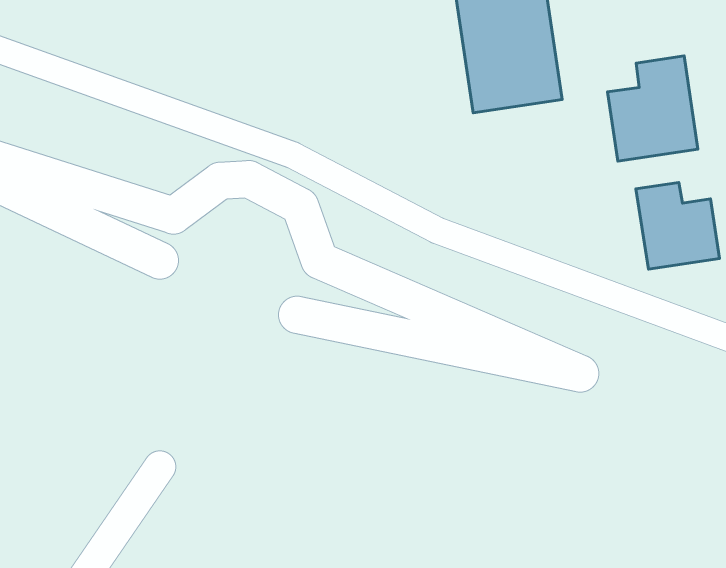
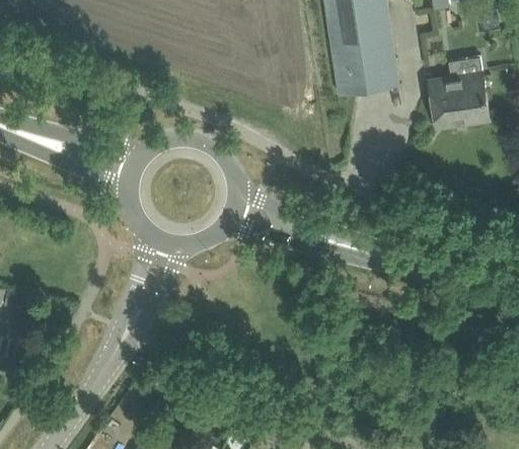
building: [636,183,719,269] -> none

